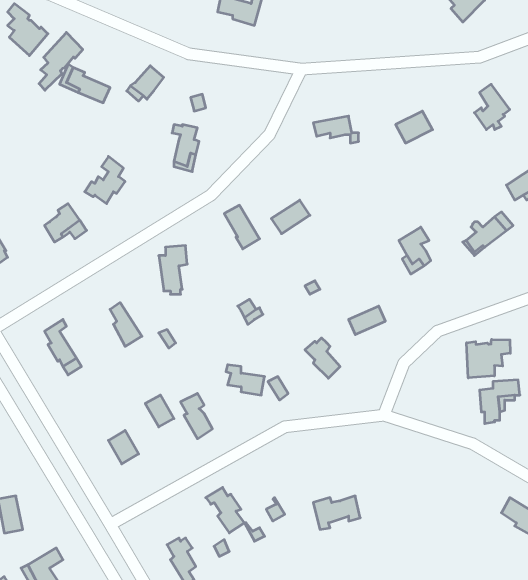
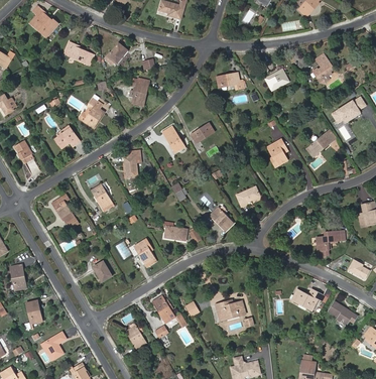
building: [39,32,83,90] -> none
building: [467,339,510,378] -> none
building: none -> [290,288,320,310]

